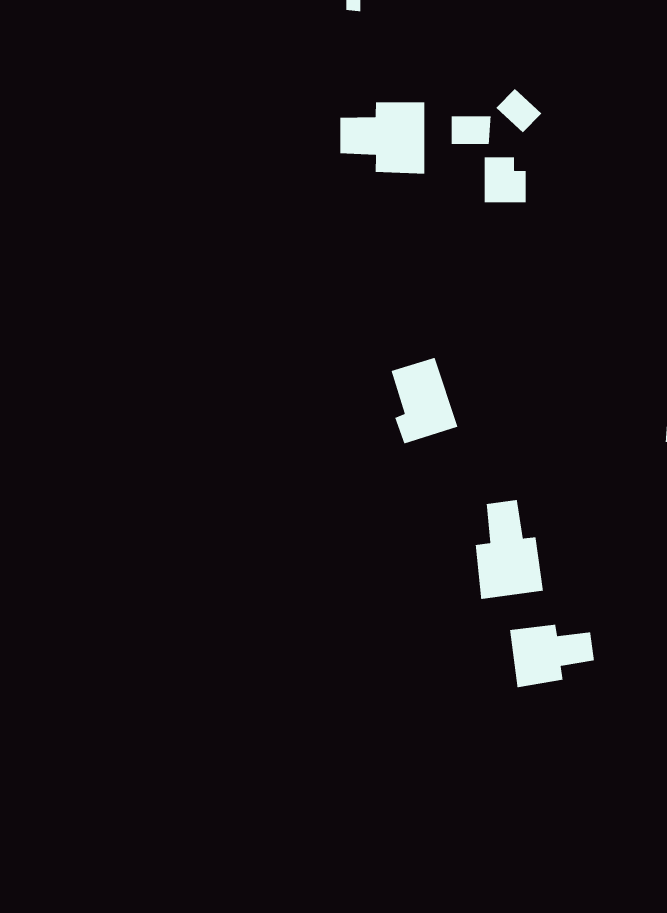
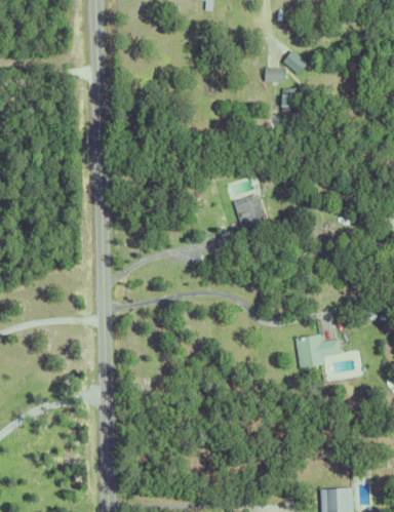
building: [340,101,425,174] -> none
building: [475,499,544,600] -> none

